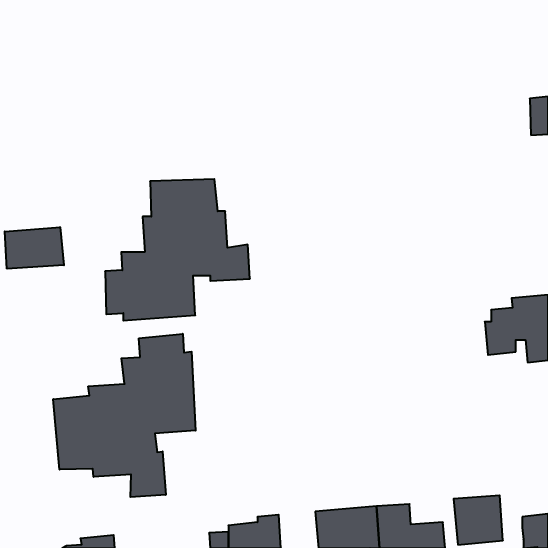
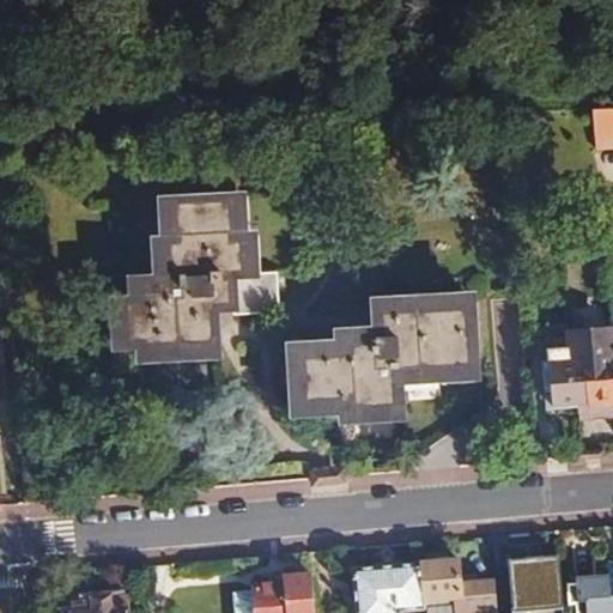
building: [5,227,64,269] -> none
building: none -> [296,302,478,419]
building: [53,334,196,497] -> none

